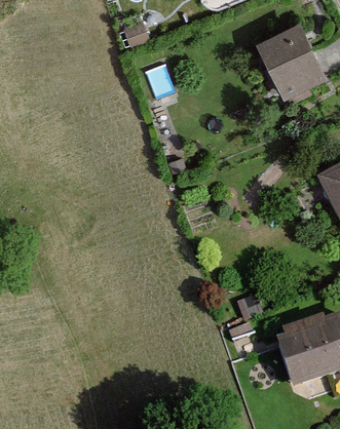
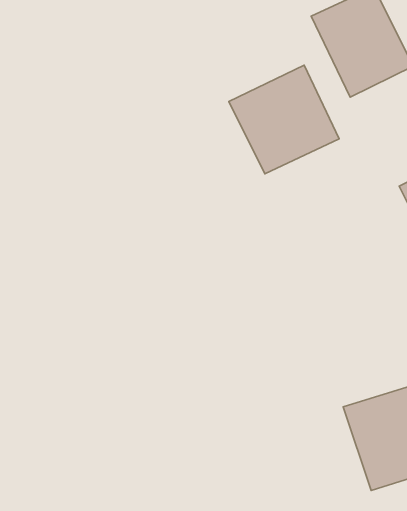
building: none -> [229,65,339,174]

